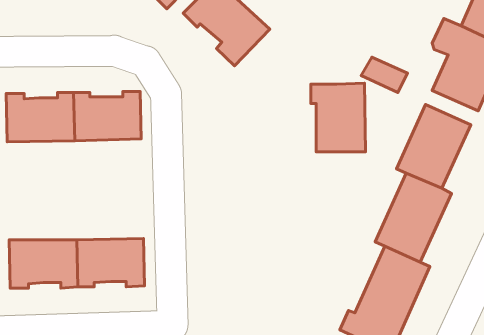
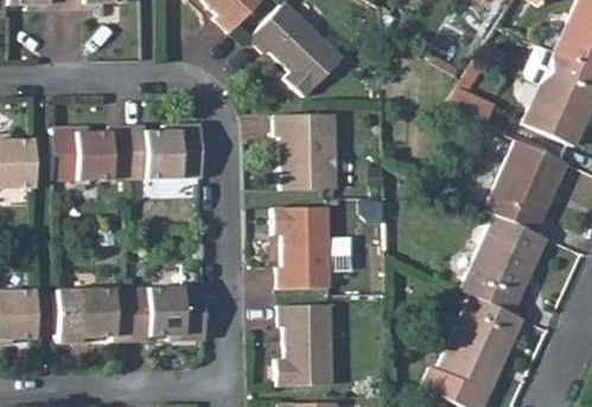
building: [311,83,365,152] -> [276,113,337,189]
building: none -> [274,208,331,288]
building: none -> [278,304,335,387]

